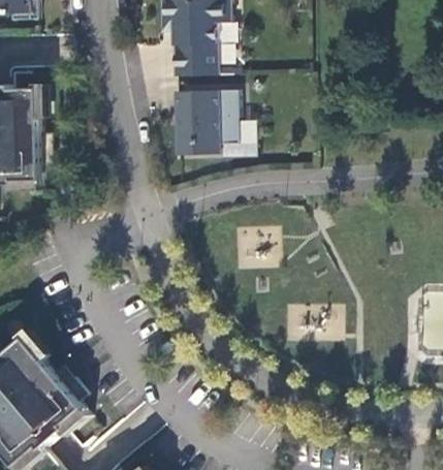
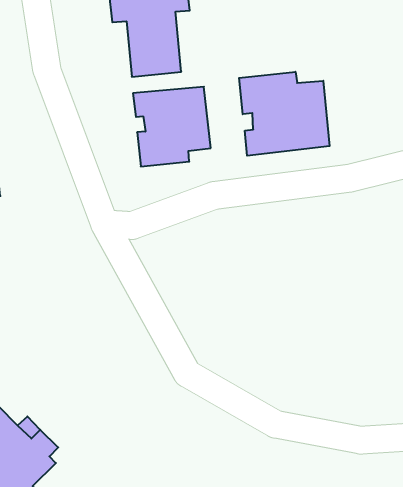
building: none -> [239,72,330,156]

